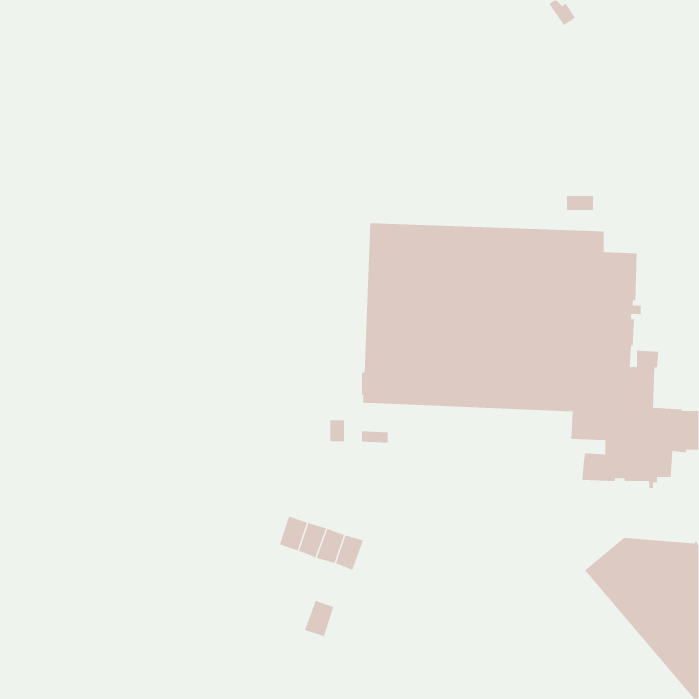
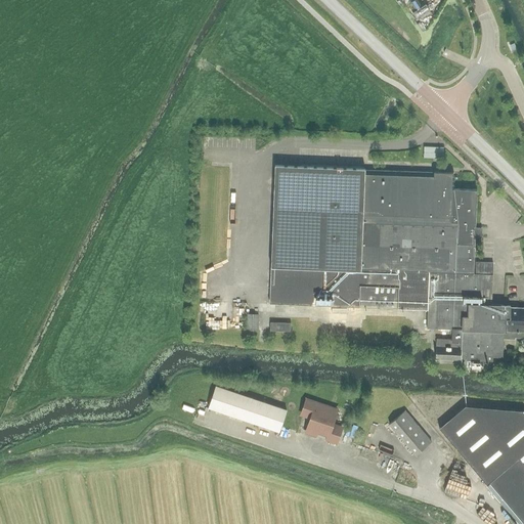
building: none -> [302,399,342,442]
building: none -> [389,410,432,455]
building: [304,600,334,637] -> [264,404,287,432]

